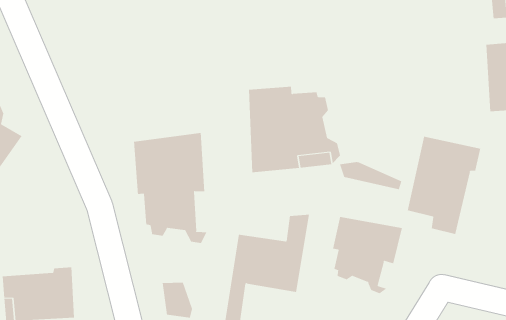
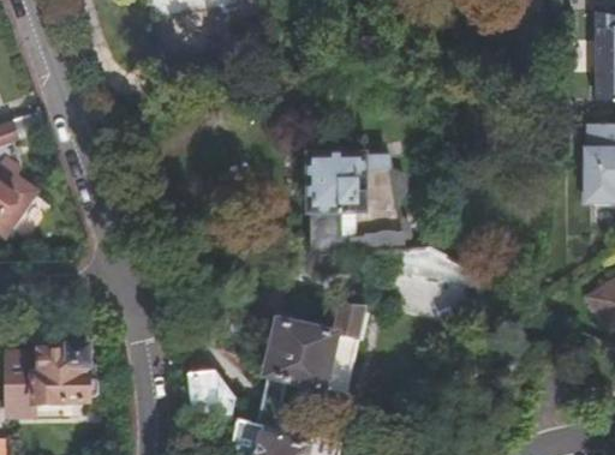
building: [133,132,207,244] -> none
building: [407,136,481,235] -> none
building: [333,216,403,294] -> none

